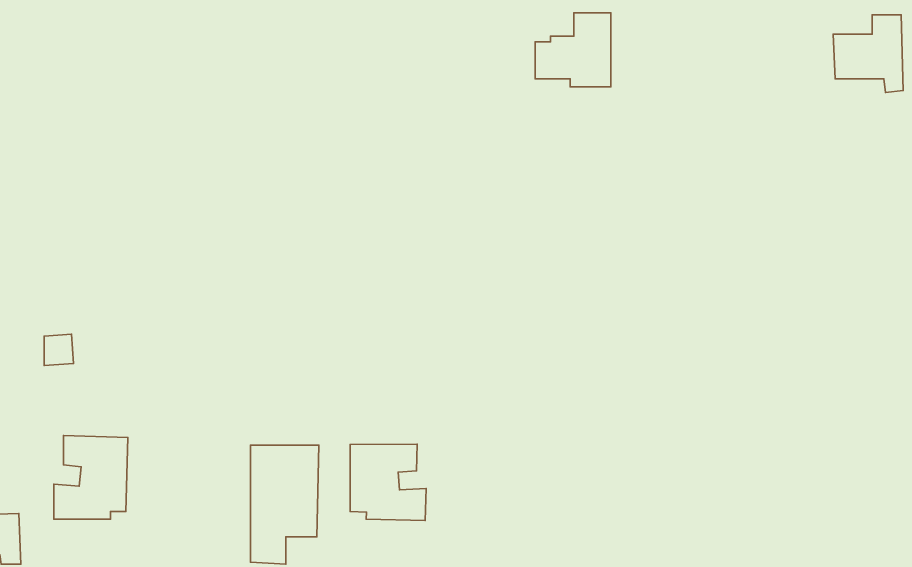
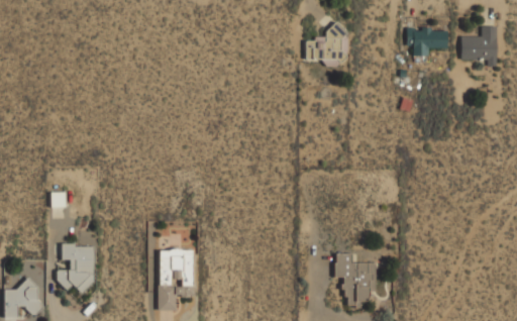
building: none -> [407,29,447,57]
building: [350,444,426,520] -> none
building: none -> [334,253,376,307]

